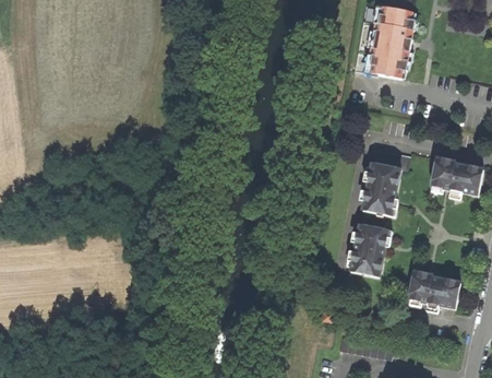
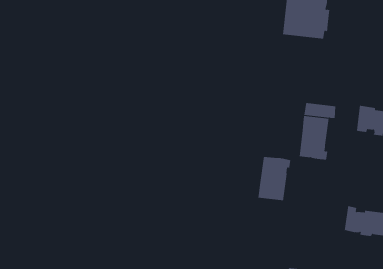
building: [350,225,392,277] -> [258,156,291,201]

